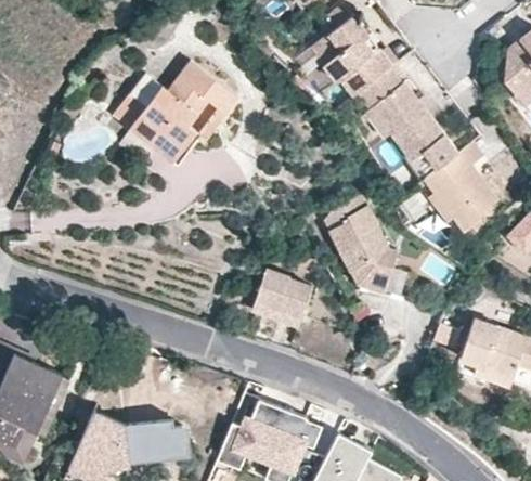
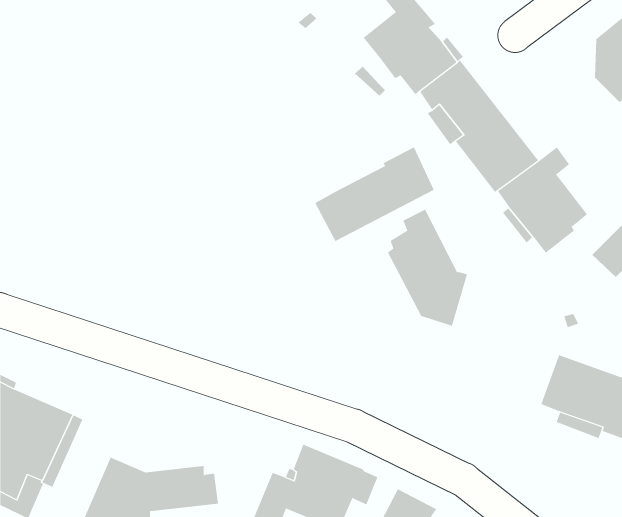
building: [113,62,241,166] -> none
building: none -> [315,146,435,242]
building: [251,270,313,330] -> none

